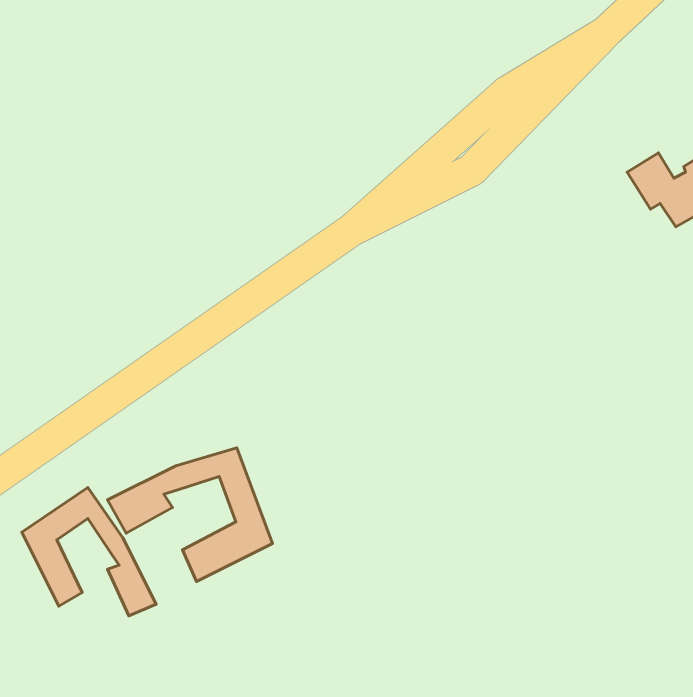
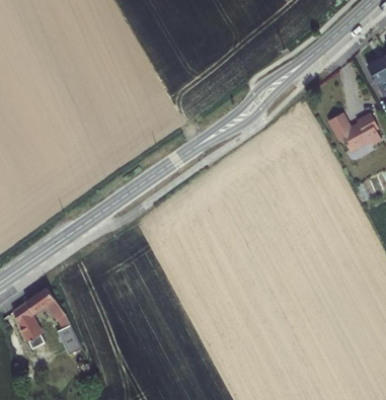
building: [108,448,273,582] -> none

